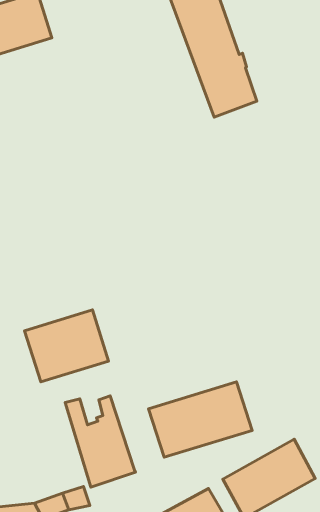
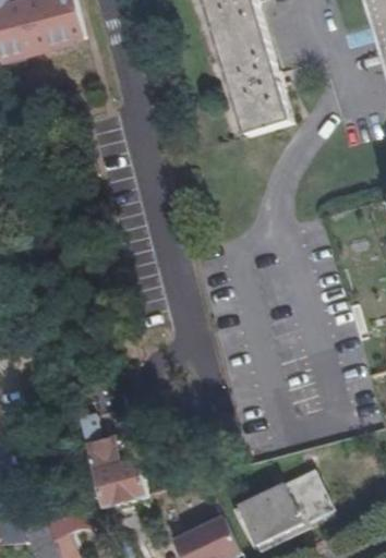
building: [25,310,109,382] -> none
building: [148,382,252,457] -> none

